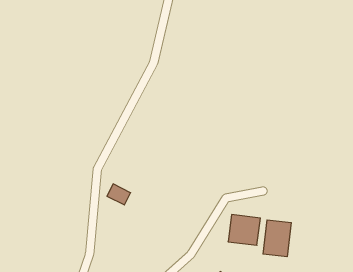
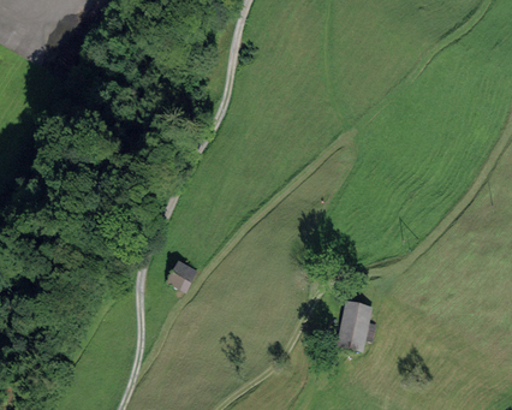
building: [263,220,291,257] -> none

